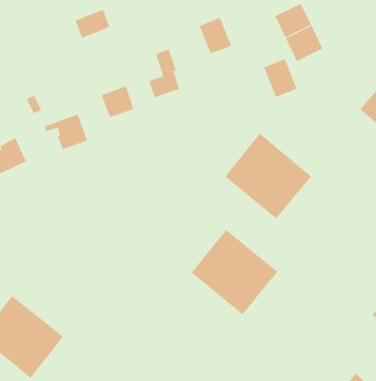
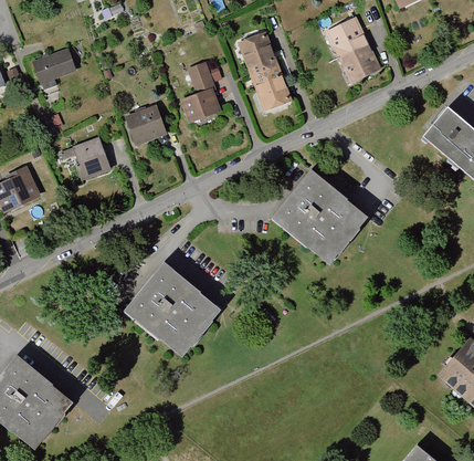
building: [75,9,110,39] -> [31,52,72,86]
building: [263,59,297,97] -> [251,62,291,107]
building: [191,229,278,315] -> [119,262,221,363]

